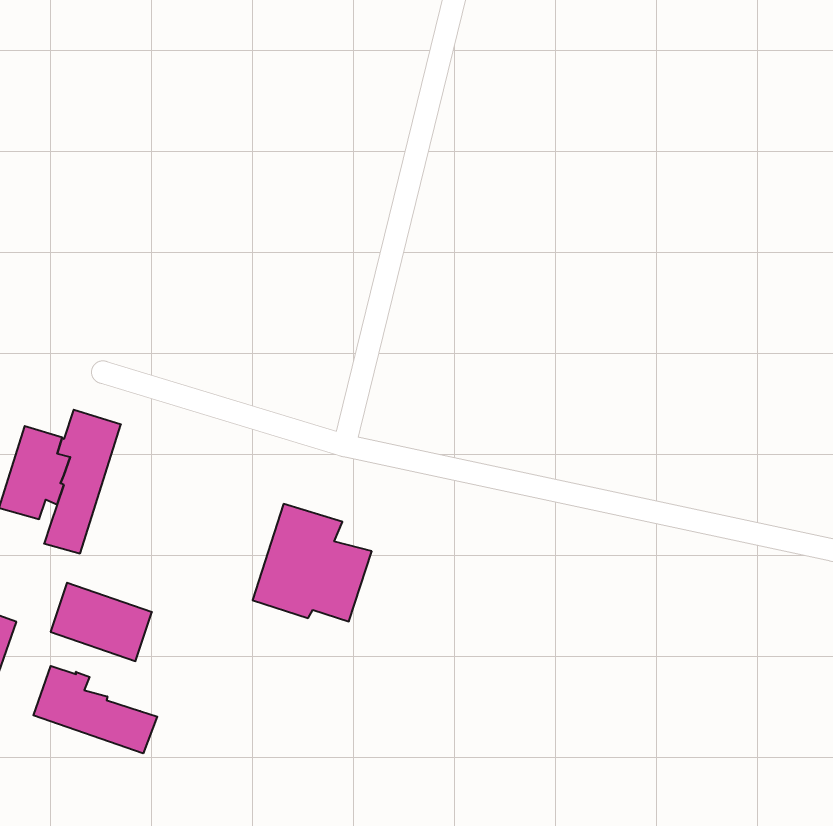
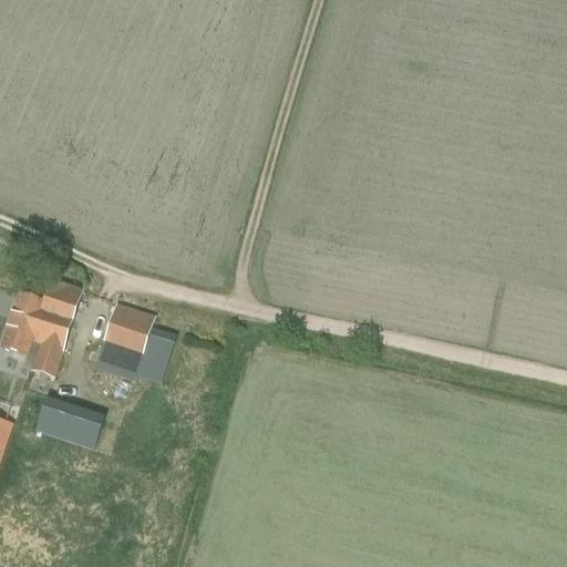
building: [253,504,372,621] -> [94,301,175,381]
building: [33,666,157,753] -> none

